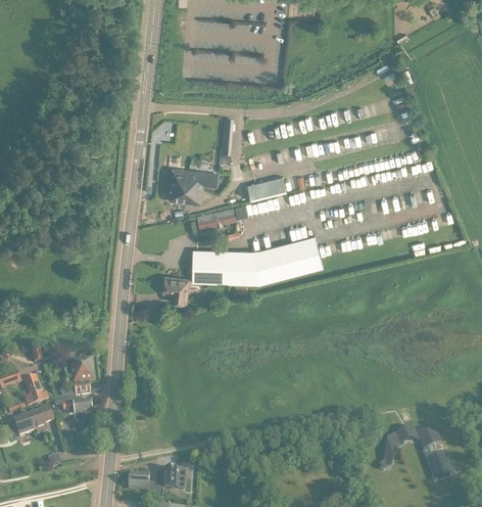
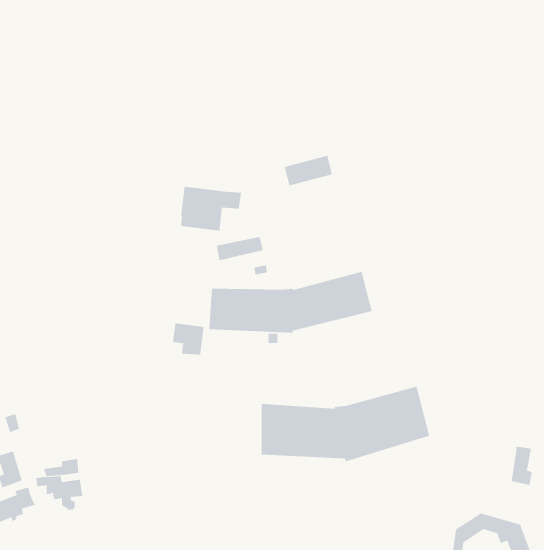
building: [247,177,286,201] -> [284,155,333,186]
building: none -> [261,386,430,462]
building: [71,359,95,384] -> none
building: none -> [511,446,532,486]

